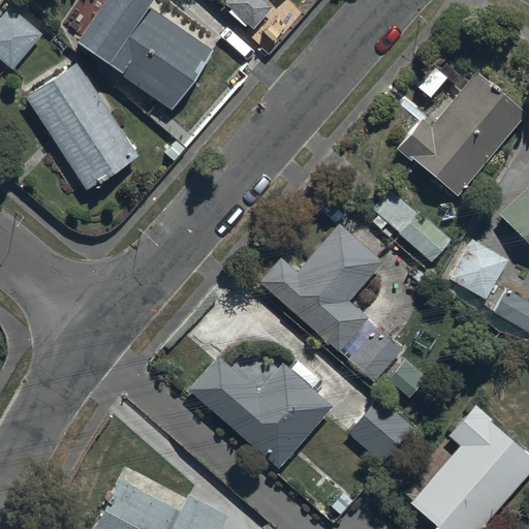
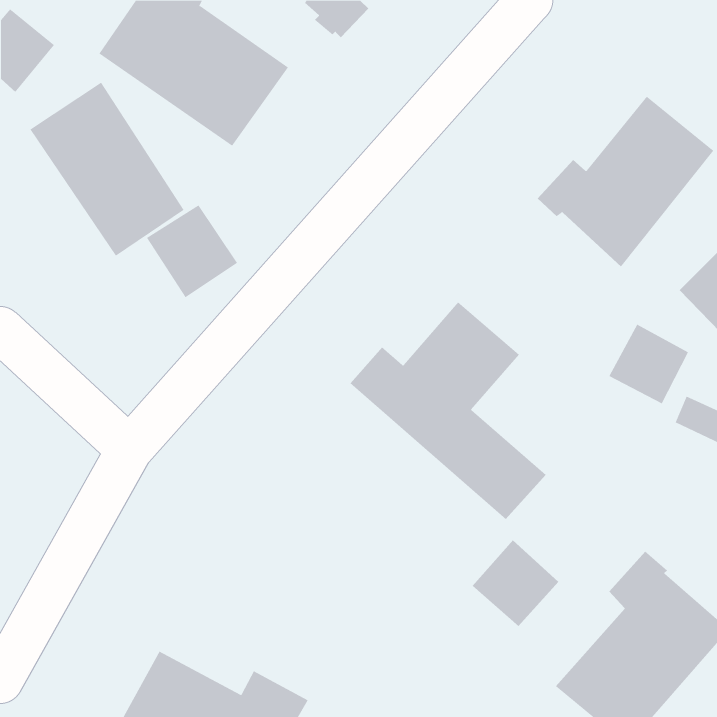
building: none -> [146,204,238,298]
building: [373,191,450,262] -> none
building: [187,355,334,469] -> none

